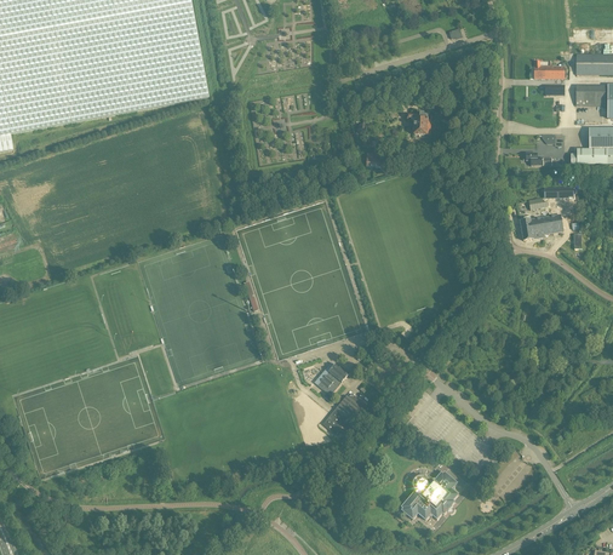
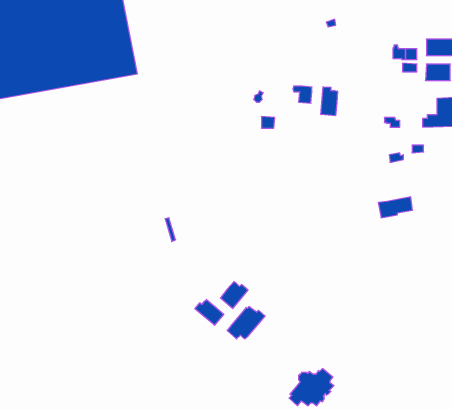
building: none -> [321,87,337,116]
building: [519,212,562,239] -> [378,197,413,218]
building: none -> [195,299,224,325]

